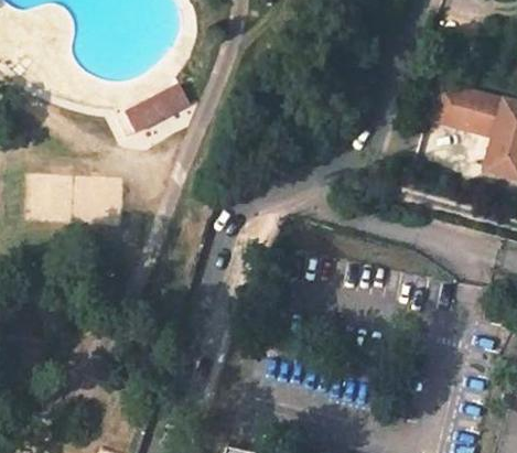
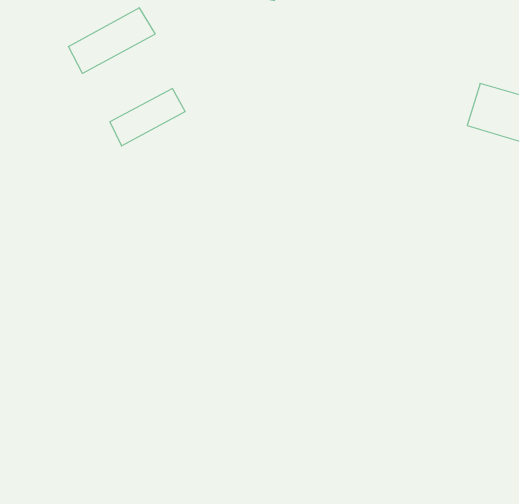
building: none -> [68,8,155,73]

